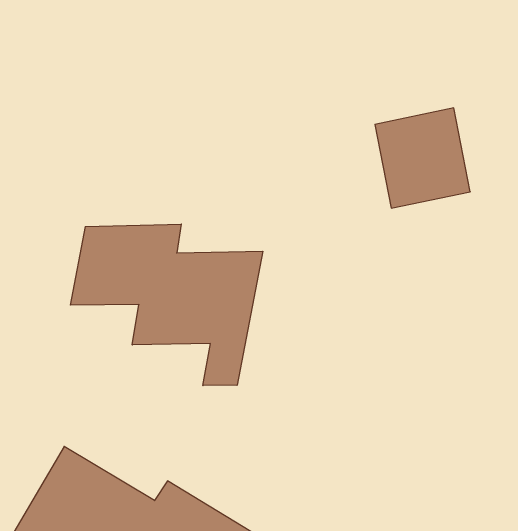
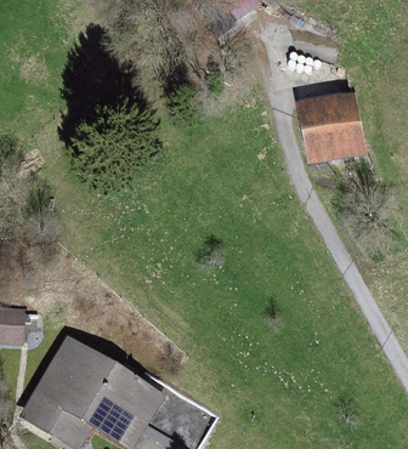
building: [70,224,263,386] -> none

